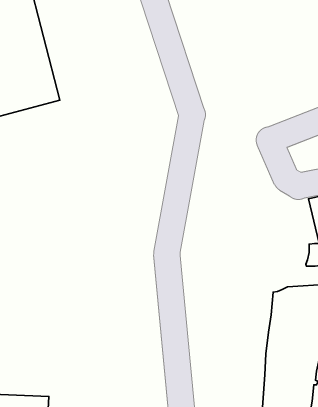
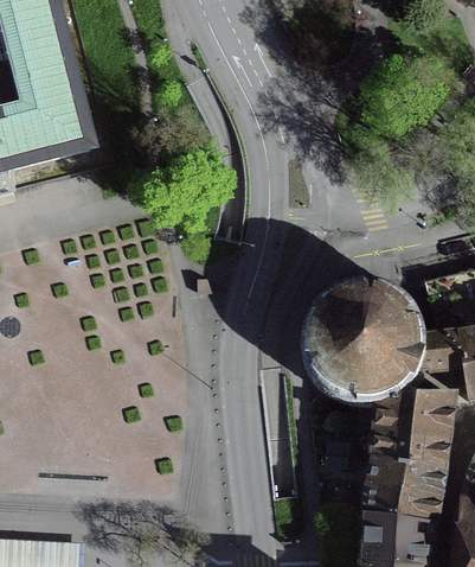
building: none -> [301,286,425,410]

